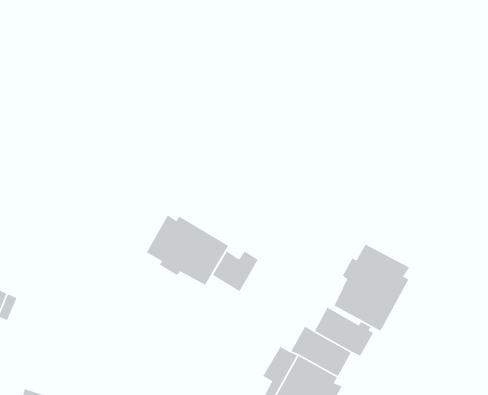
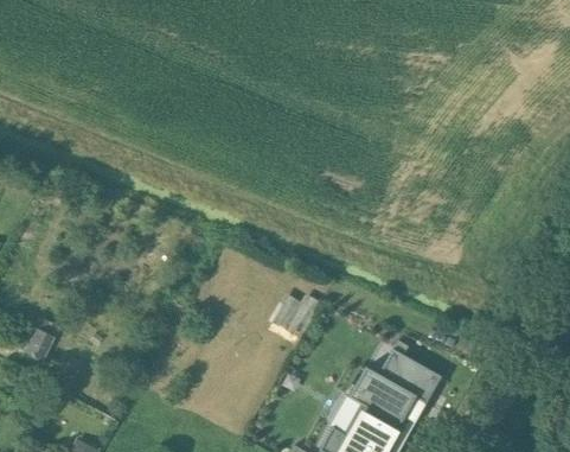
building: [146,214,229,286] -> none
building: [333,244,410,332] -> none

